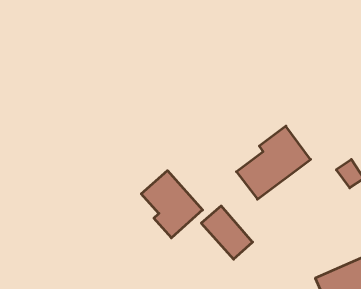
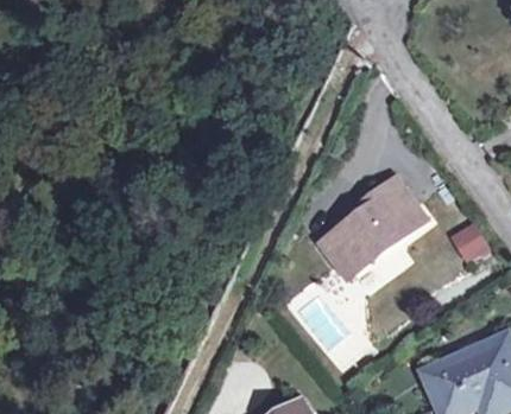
building: [141,171,203,238] -> none

